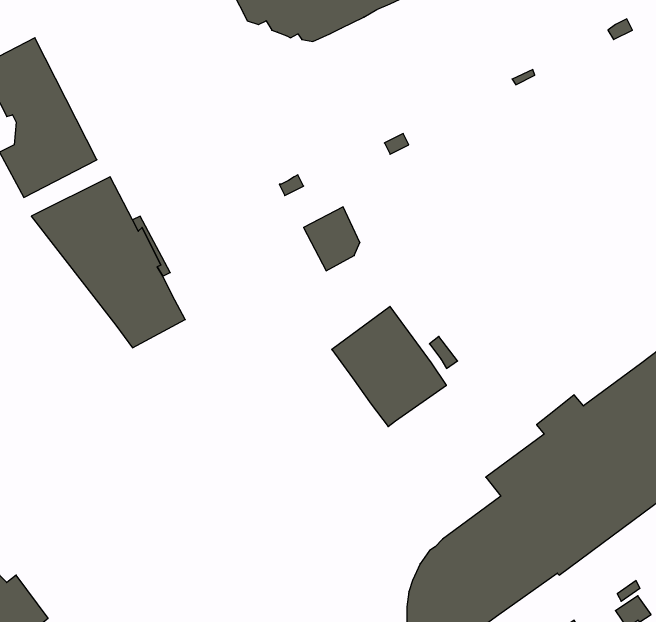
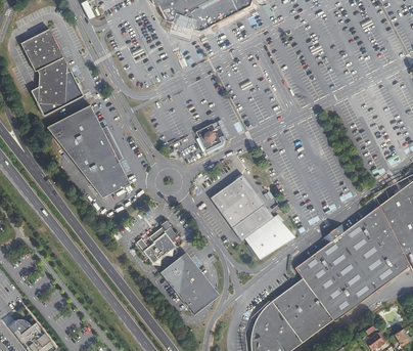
building: none -> [245,214,289,258]
building: none -> [143,227,177,264]
building: none -> [160,255,206,317]

